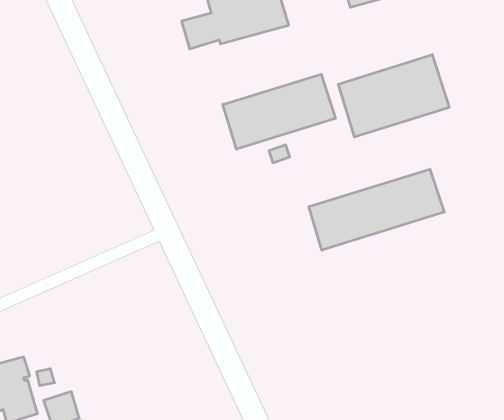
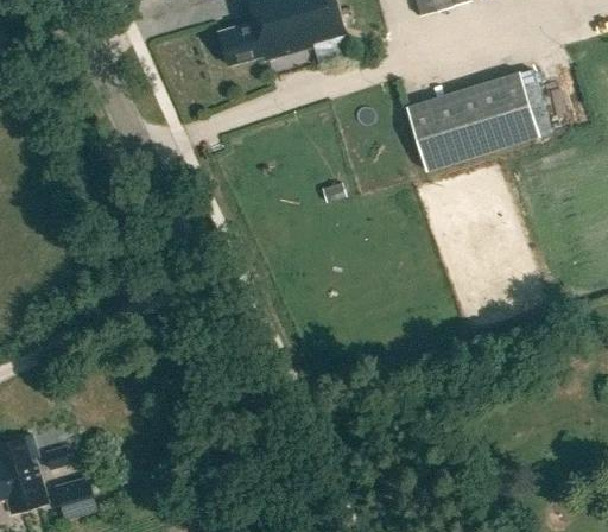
building: [223,74,335,149] -> none
building: [309,169,444,250] -> none

